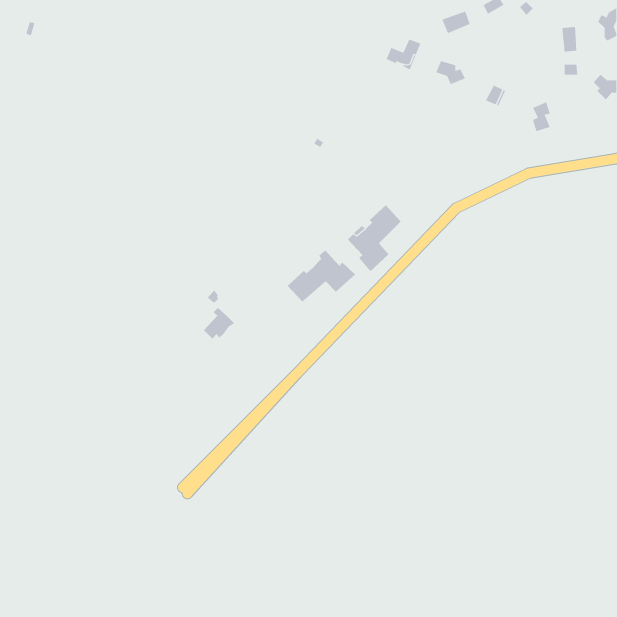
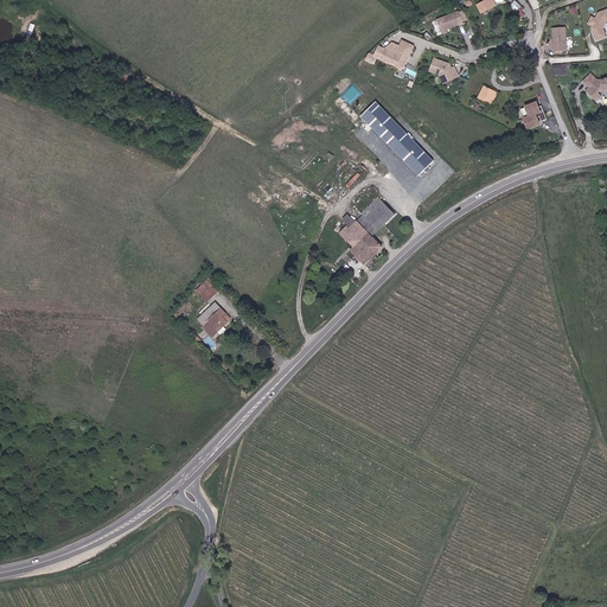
building: none -> [359,101,433,173]
building: [287,250,356,303] -> none

